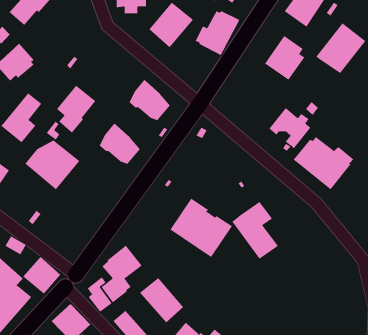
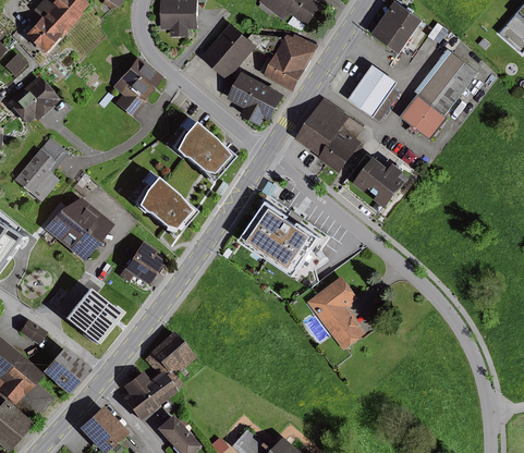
building: none -> [229,71,285,125]
building: none -> [400,95,449,140]
building: none -> [294,97,363,173]
building: [56,85,96,134] -> [110,56,161,118]
building: [293,136,354,190] -> none
building: none -> [118,240,163,285]
building: [169,198,233,258] -> [241,200,321,277]
building: none -> [64,287,123,344]
building: [139,277,184,323] -> none

